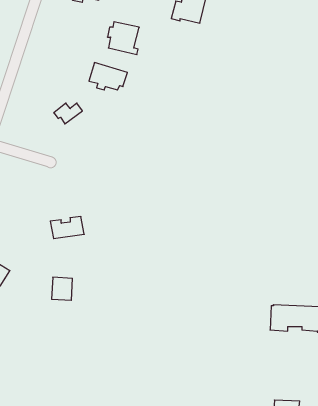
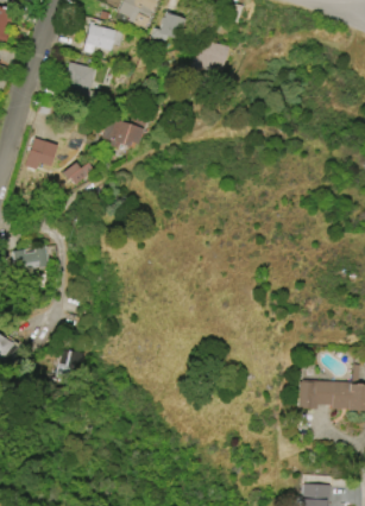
building: [107,22,139,55] -> [62,62,96,97]
building: none -> [25,137,58,169]
building: [50,217,84,239] -> [13,246,50,270]

